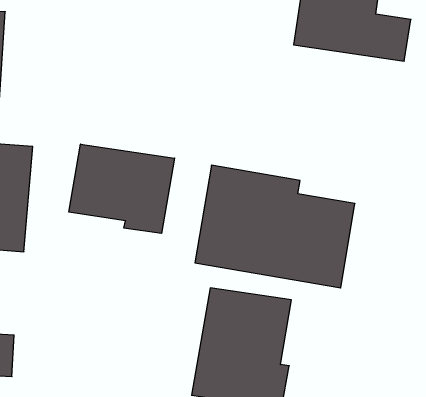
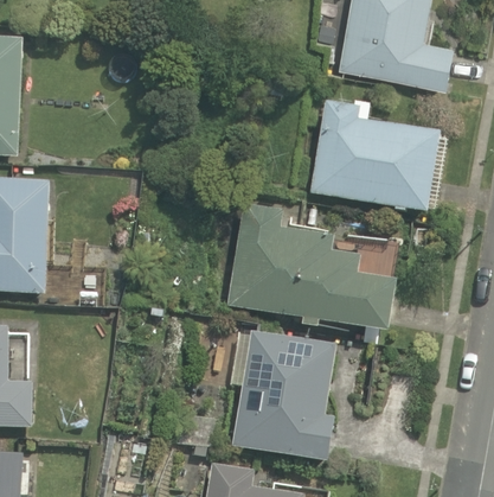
building: none -> [283,83,447,221]
building: [69,144,175,233] -> none

